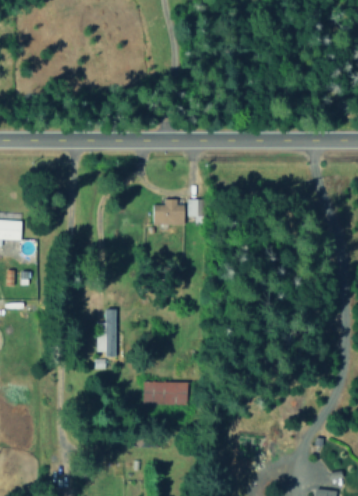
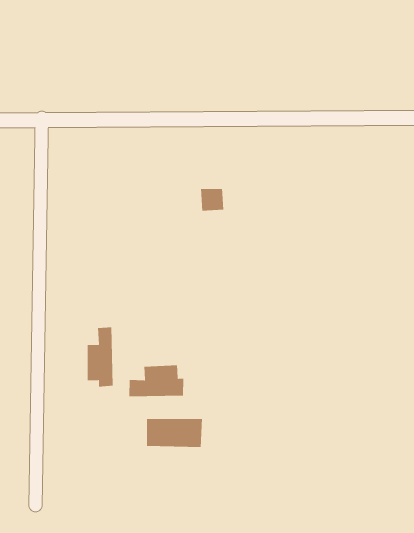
building: [153,199,185,225] -> none
building: none -> [129,365,184,397]

